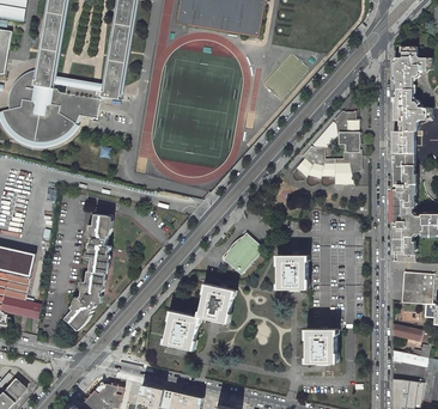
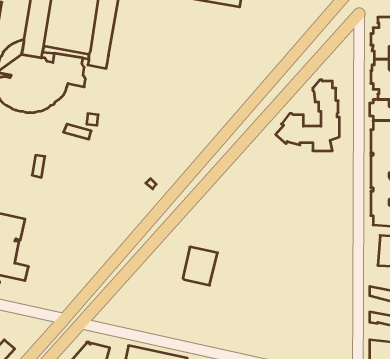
building: [66,214,111,328] -> none
building: [221,232,262,274] -> none
building: [278,255,306,288] -> none
building: [164,310,200,349] -> none
building: [306,329,335,362] -> none

